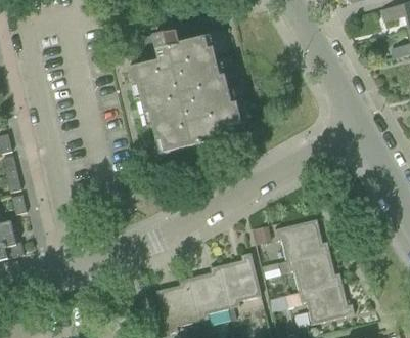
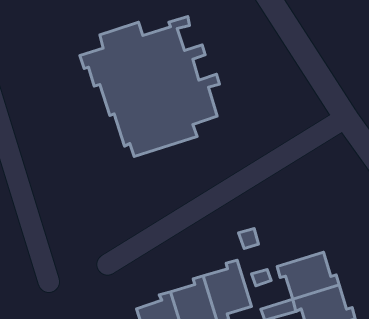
building: [272,219,328,261] -> none

